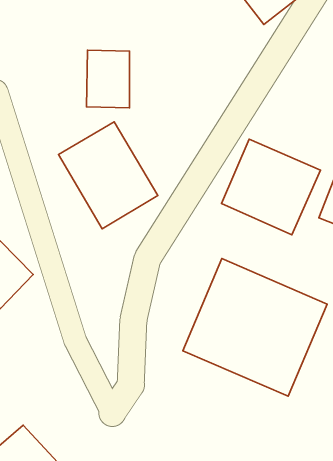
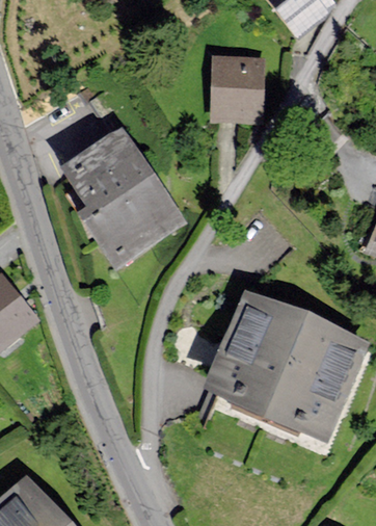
building: [87,50,129,108] -> [215,55,263,120]
building: [221,139,320,235] -> none

